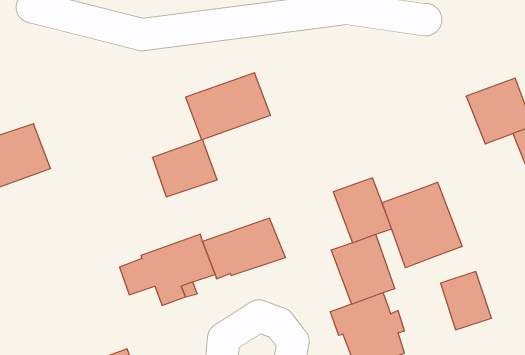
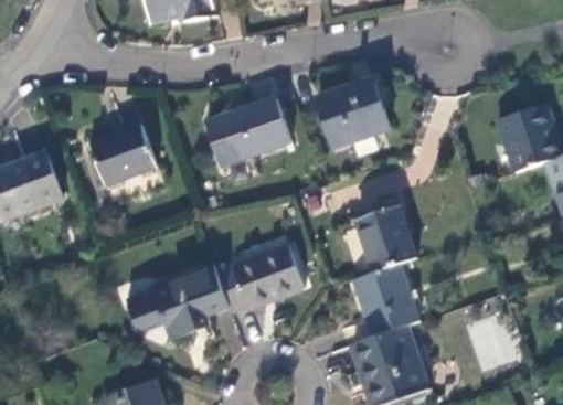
building: none -> [311,77,394,149]
building: [152,139,217,197] -> [89,127,157,186]
building: [382,182,462,268] -> none

